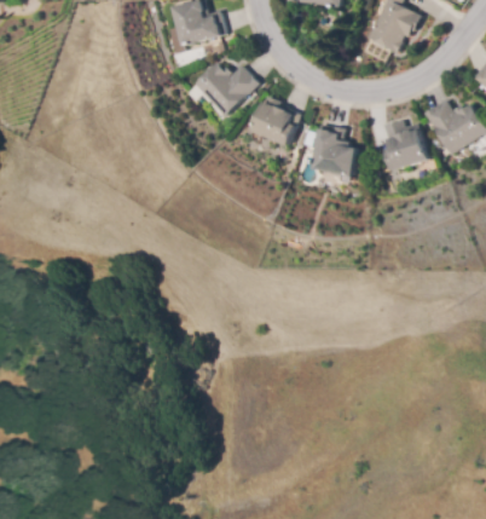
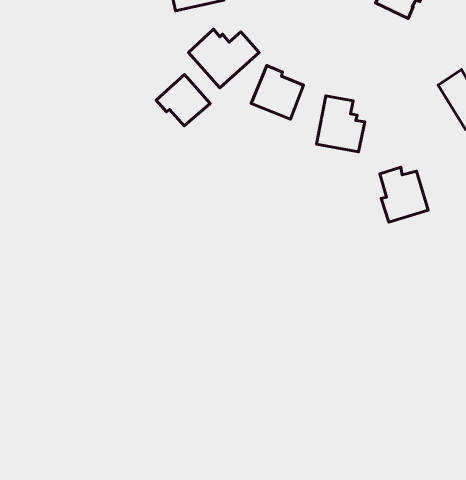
building: none -> [156,75,210,126]
building: [383,120,428,171] -> [380,167,428,222]

